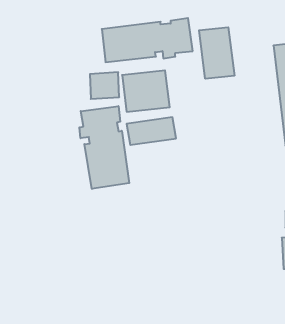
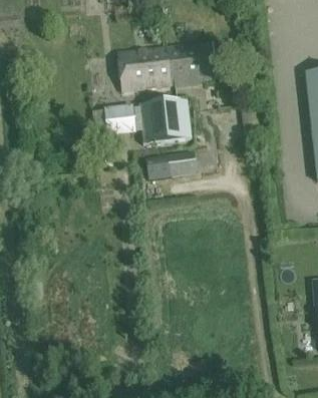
building: [199,27,234,79] -> none
building: [79,106,129,189] -> none

